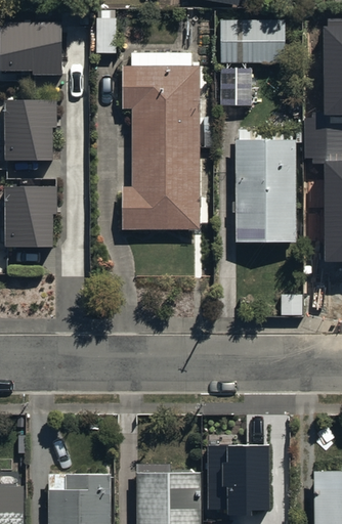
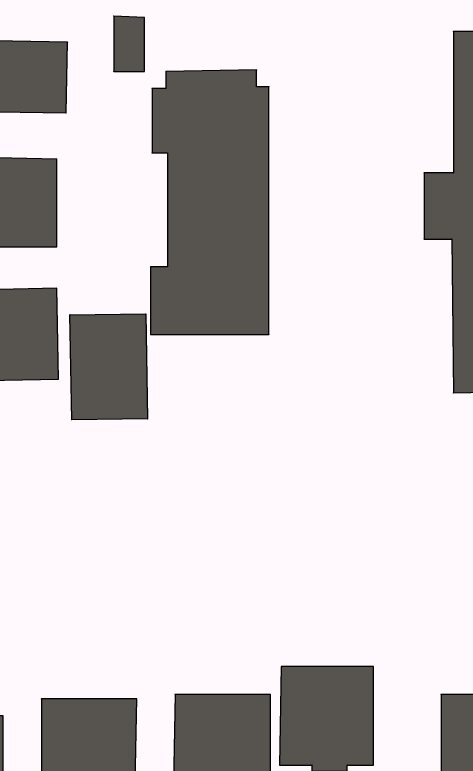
building: [221,28,285,72] -> none
building: [238,138,298,242] -> none
building: none -> [70,314,148,420]

